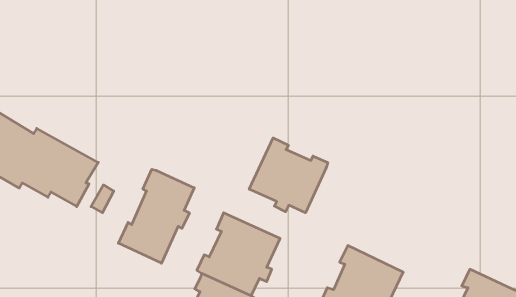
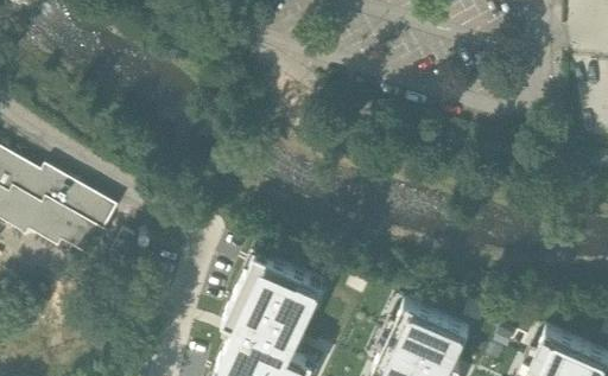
building: [249,138,328,213] -> none
building: [118,169,194,263] -> none

